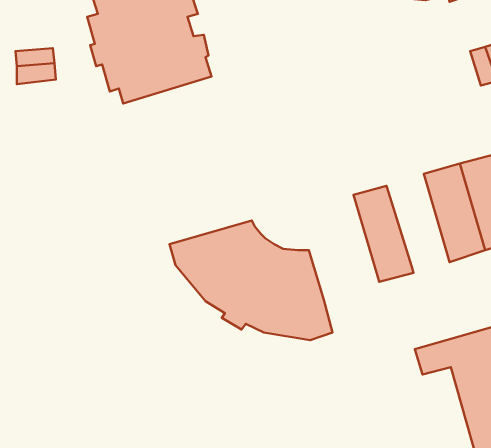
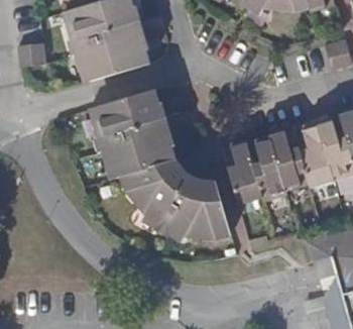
building: none -> [94,90,179,178]
building: none -> [268,125,311,192]
building: none -> [222,138,263,205]

